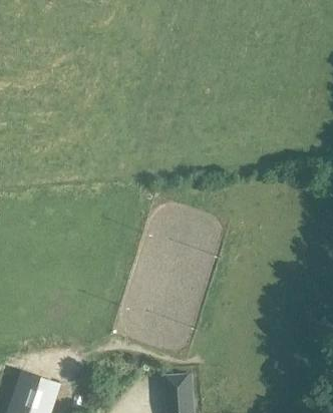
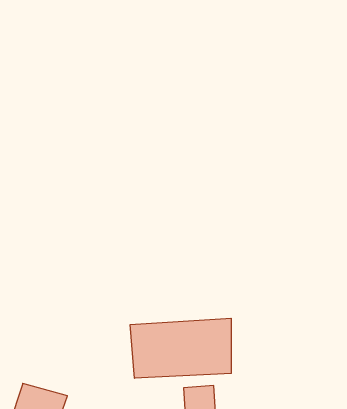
building: none -> [130,318,231,378]

